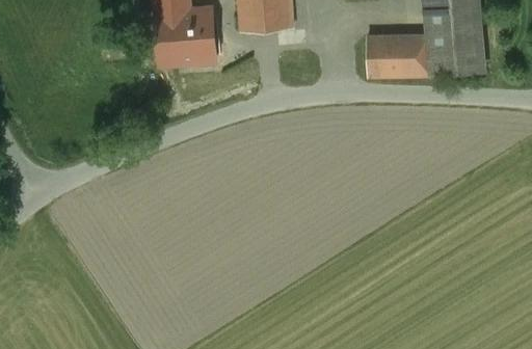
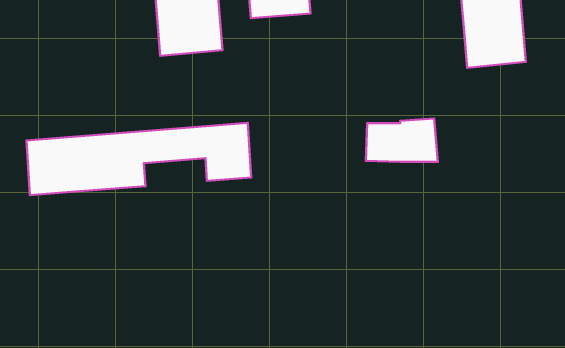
building: [368,36,431,75] -> [366,118,438,162]
building: none -> [26,123,251,195]

